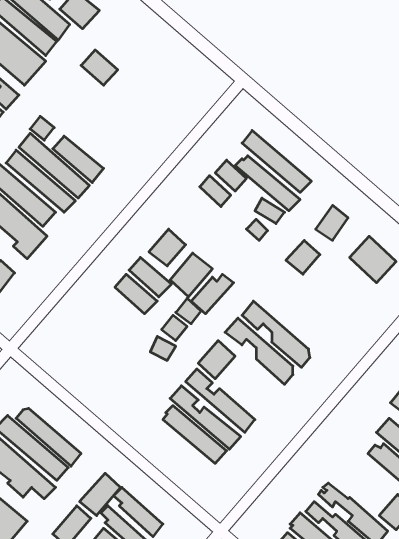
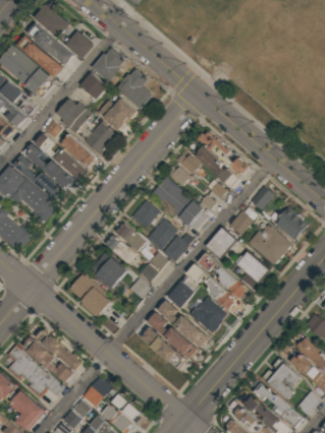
building: none -> [93,47,128,81]
building: none -> [117,69,153,107]
building: none -> [57,98,92,133]
building: none -> [98,98,136,129]
building: none -> [84,121,115,153]
building: none -> [154,177,202,225]
building: none -> [250,222,292,264]
building: none -> [204,228,235,259]
building: none -> [91,251,127,288]
building: none -> [235,252,268,283]
building: none -> [67,274,109,315]
building: none -> [188,297,227,334]
building: none -> [266,362,301,401]

